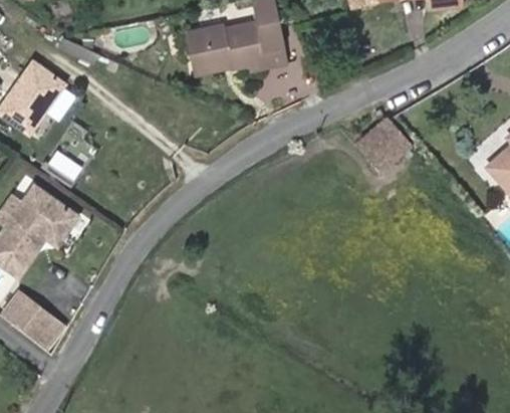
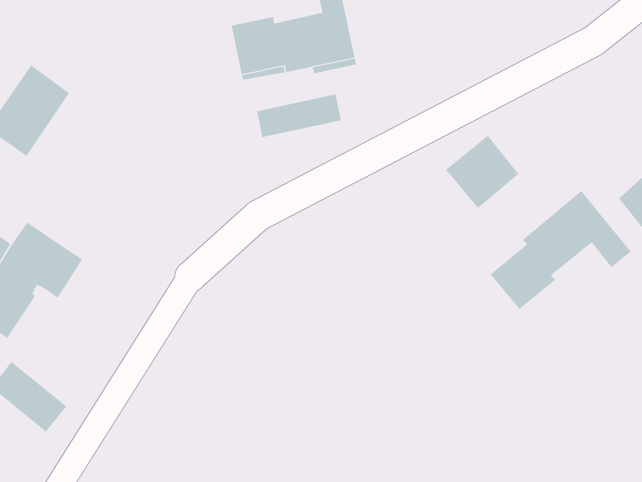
building: none -> [257,94,342,138]
building: none -> [490,190,632,310]

